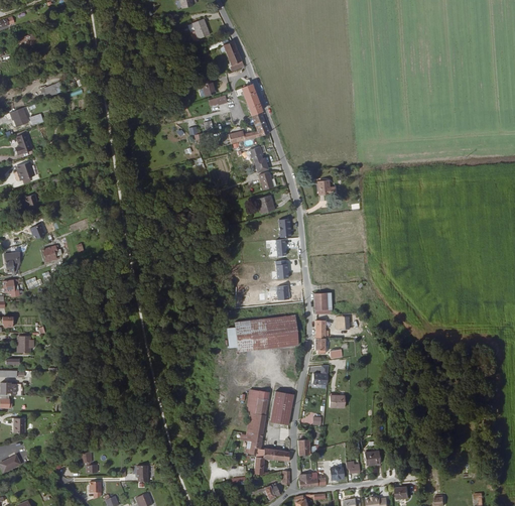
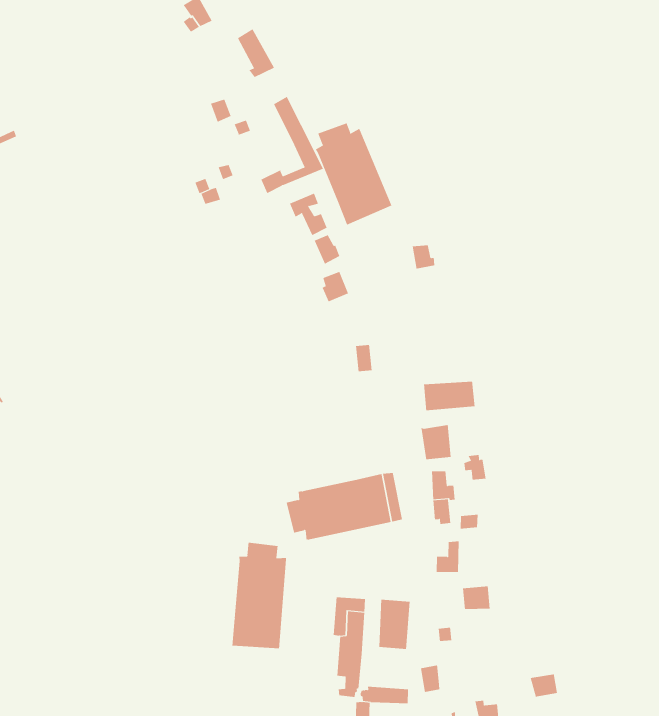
building: none -> [315,122,392,225]
building: none -> [423,381,475,411]
building: none -> [232,542,287,649]

